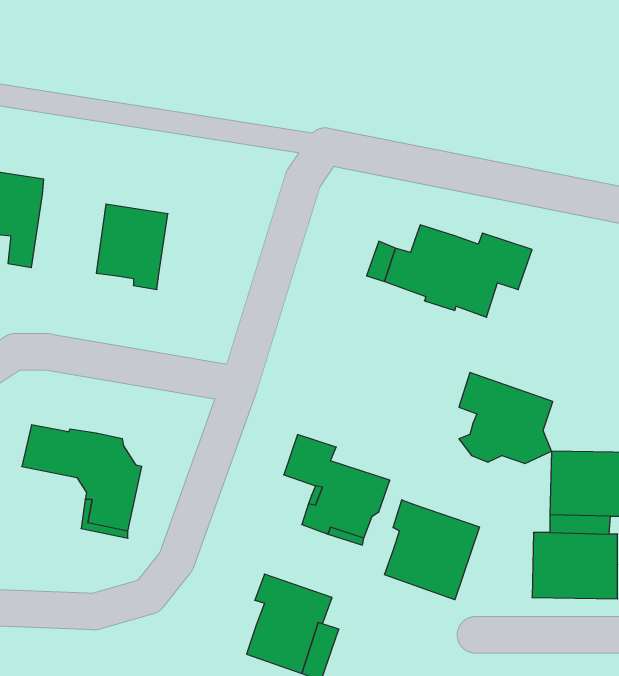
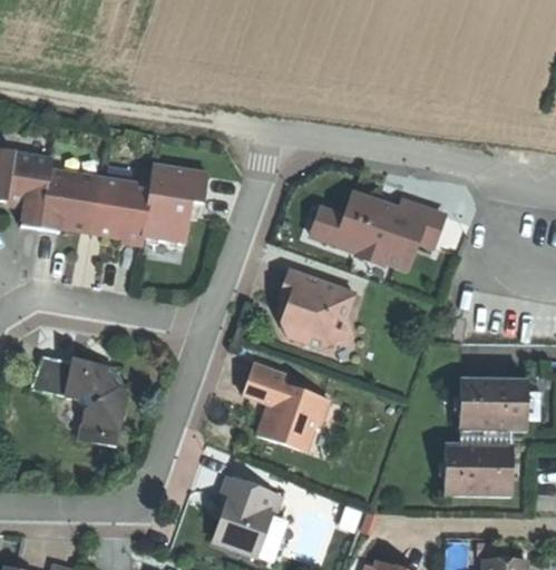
building: none -> [142,164,207,244]
building: none -> [39,169,99,233]
building: [459,372,553,464] -> [279,269,354,343]
building: [385,500,480,600] -> none

